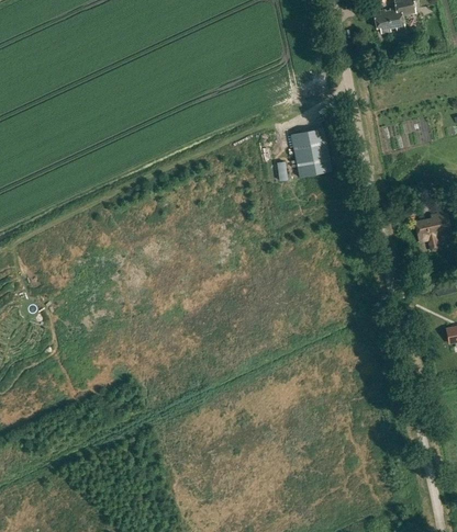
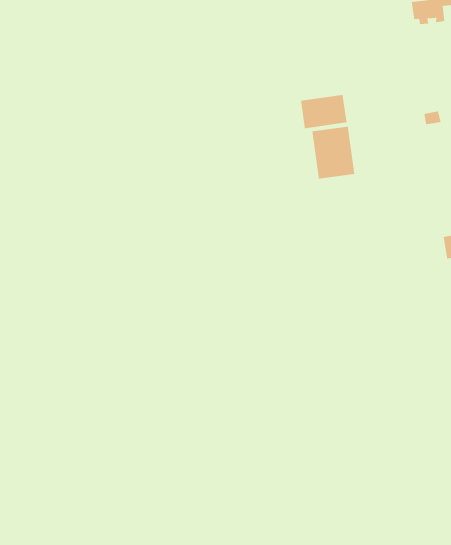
building: none -> [300,94,347,129]

